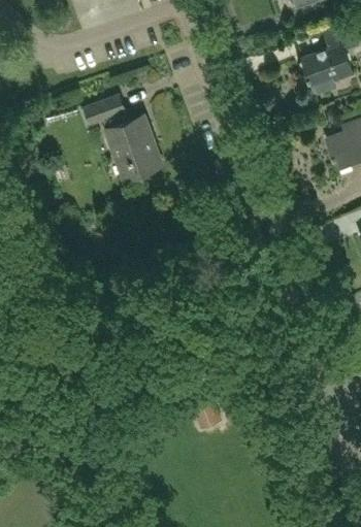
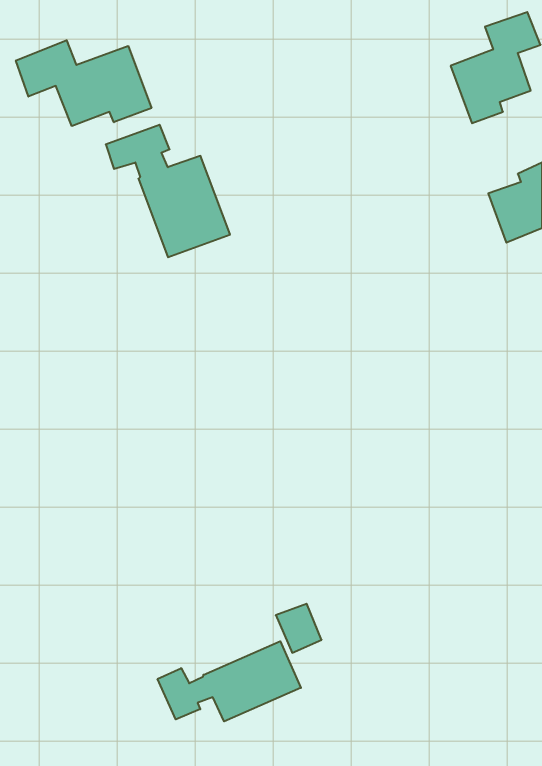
building: none -> [16,40,151,126]
building: none -> [158,641,301,721]

